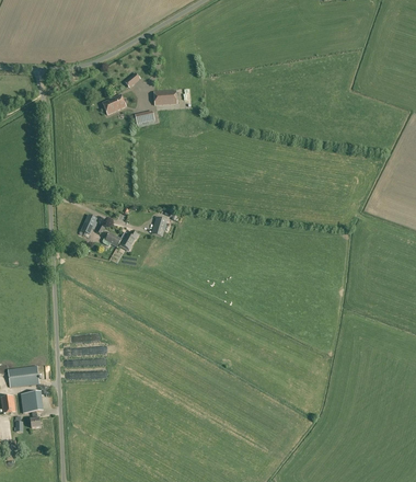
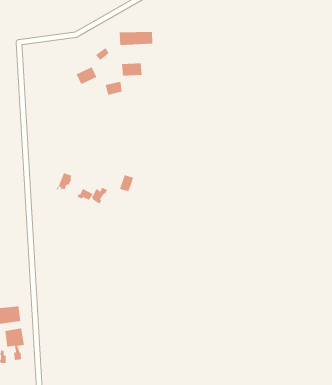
building: none -> [119,31,153,46]

